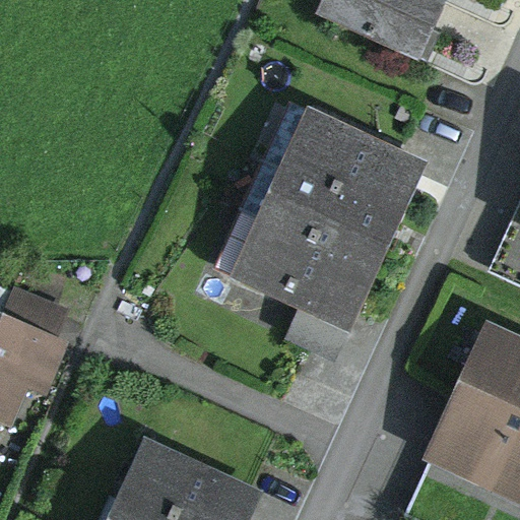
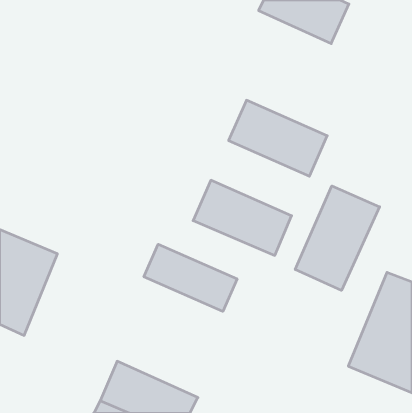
building: [265,177,389,271] -> none
building: none -> [295,186,380,290]
building: none -> [144,244,237,311]

